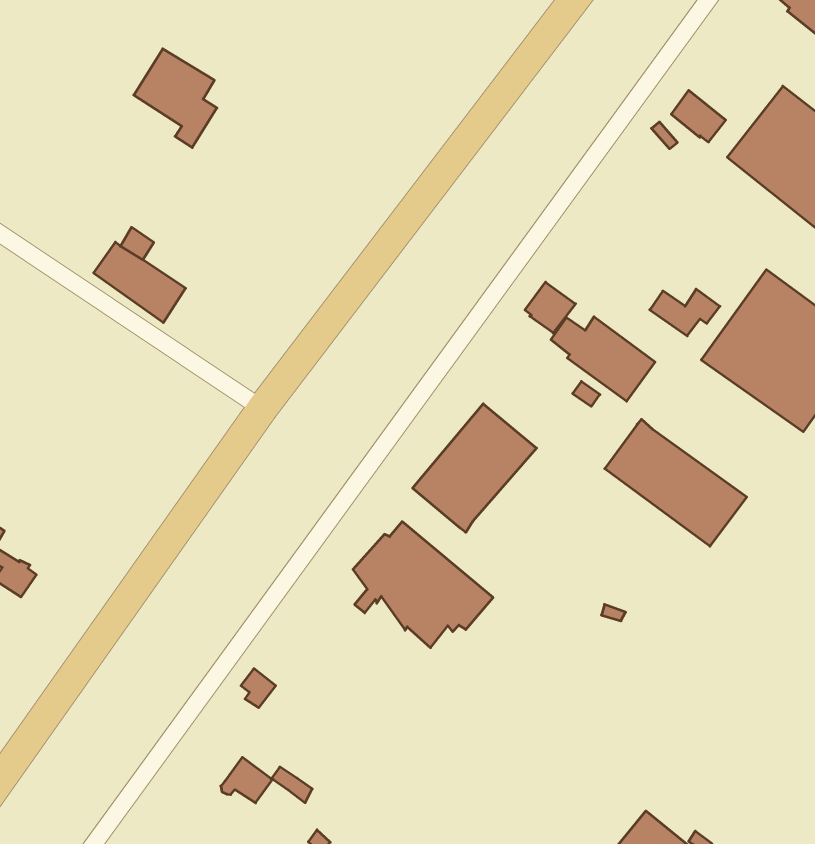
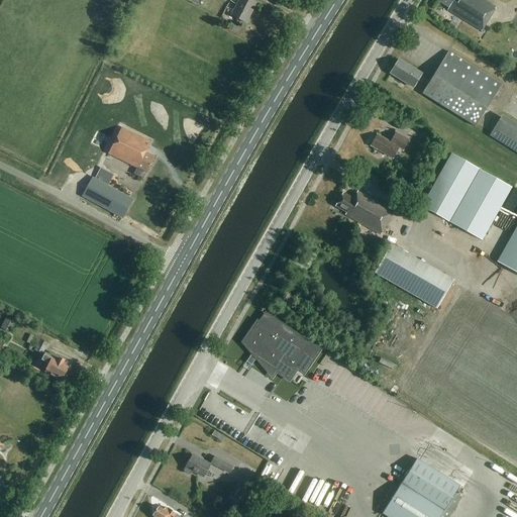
building: [134,49,217,148] -> [108,126,154,179]
building: [525,282,576,333] -> none
building: [650,289,720,336] -> [371,131,409,158]
building: [413,404,537,532] -> none

